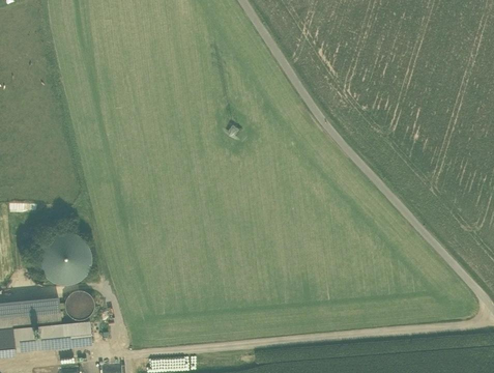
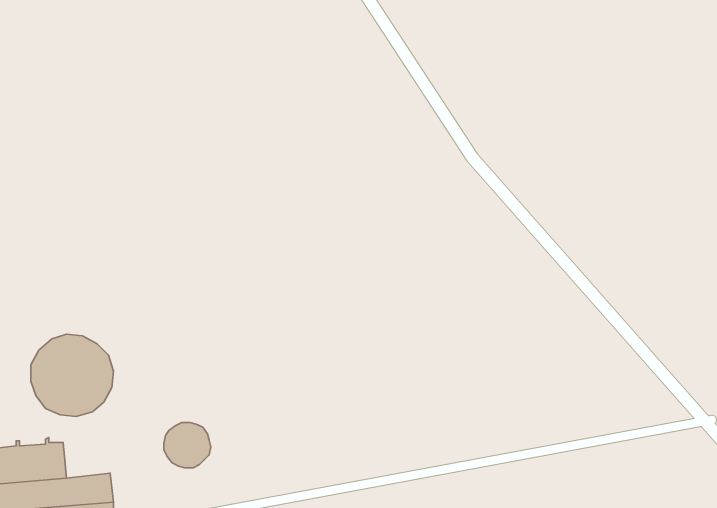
building: [62,290,92,319] -> [164,422,211,468]

